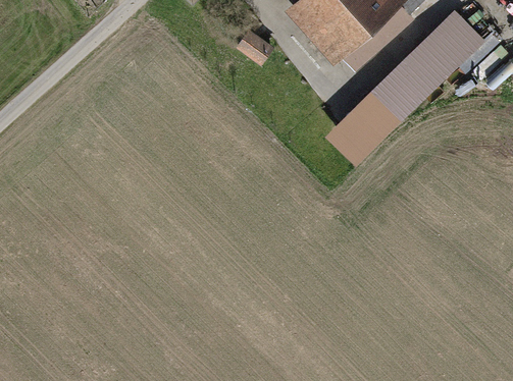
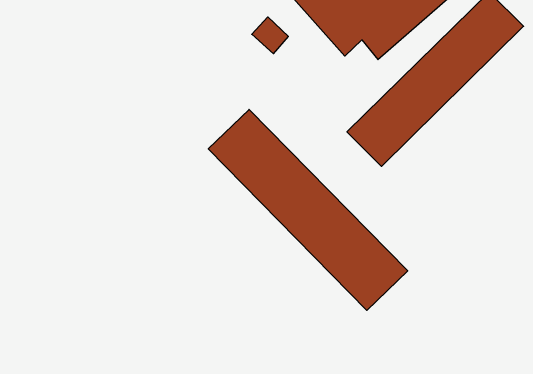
building: none -> [208,109,408,310]

